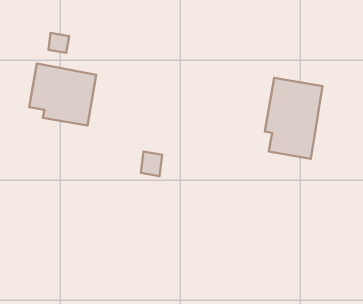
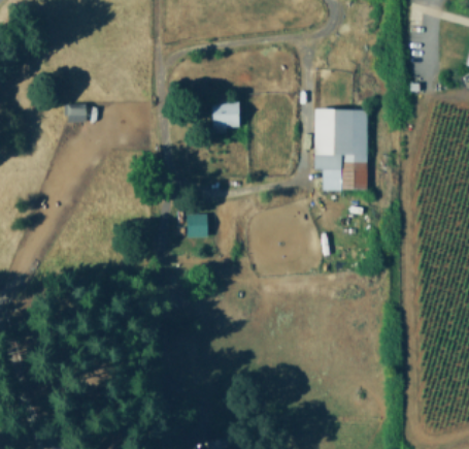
building: none -> [211,101,239,132]
building: [29,63,96,126] -> none

